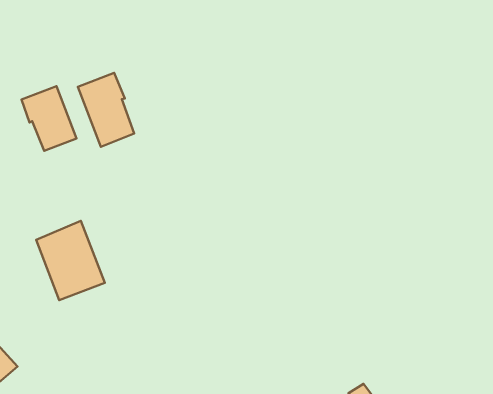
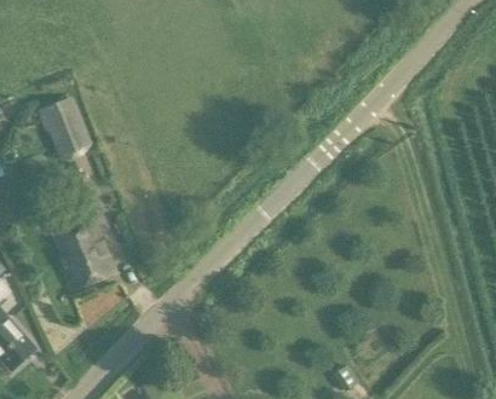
building: [78,73,134,147] -> none

